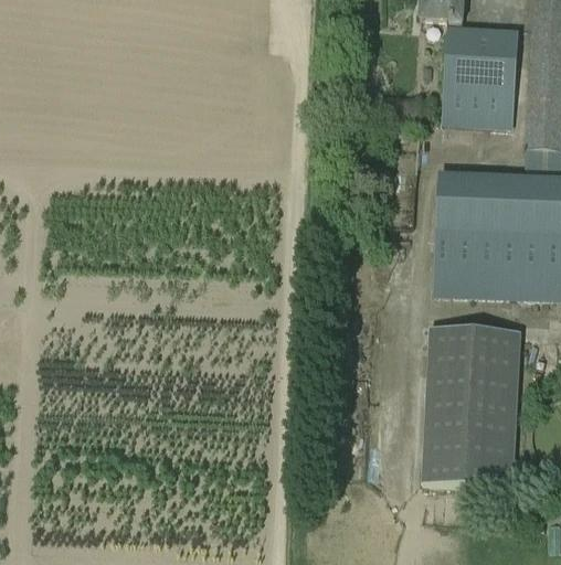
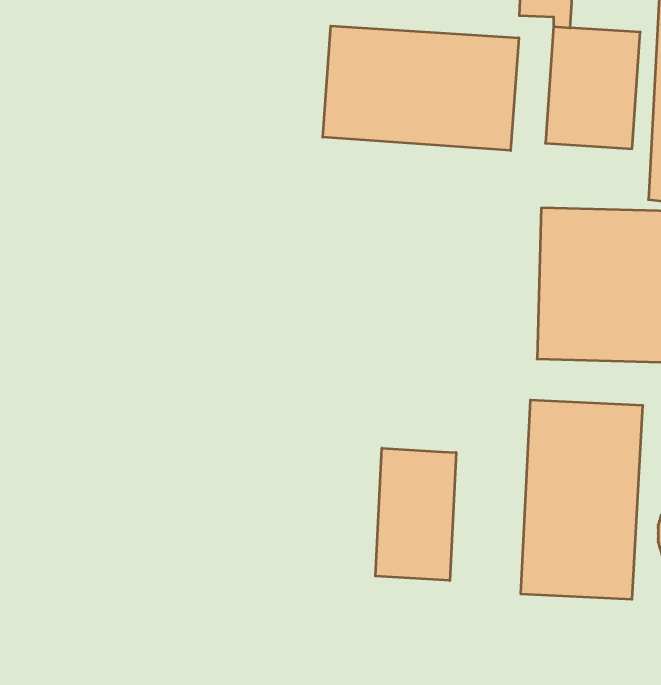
building: none -> [323,26,519,151]
building: none -> [375,448,456,581]

